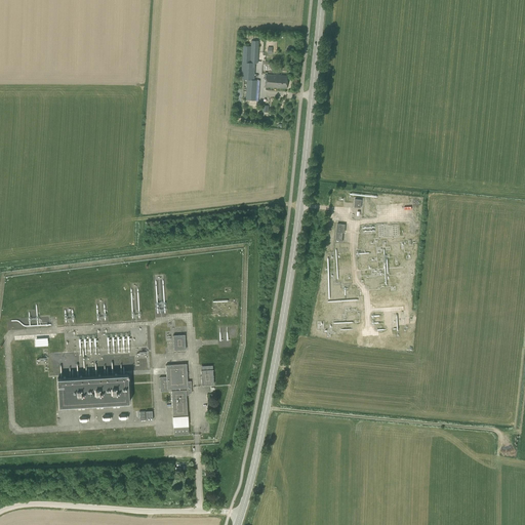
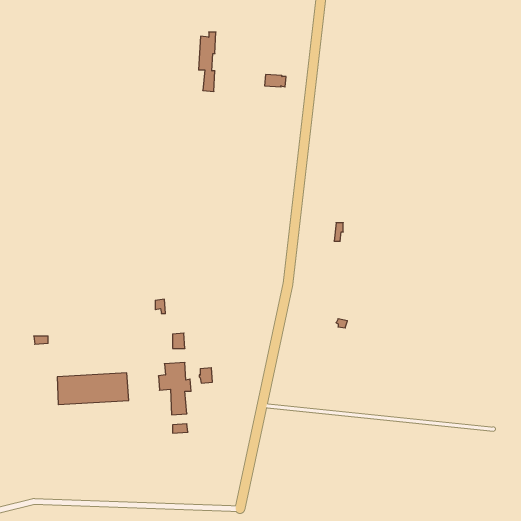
building: [242,42,259,102] -> [199,32,216,91]

